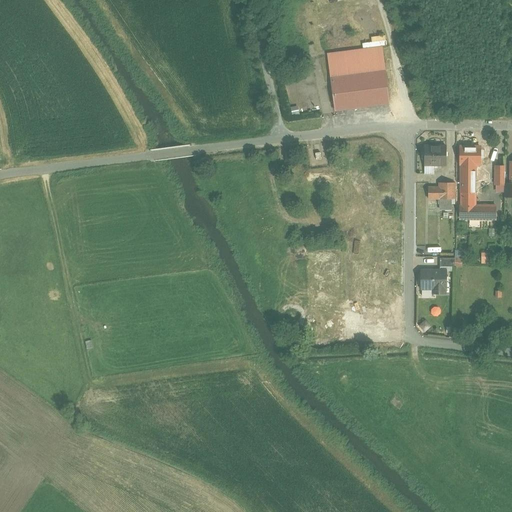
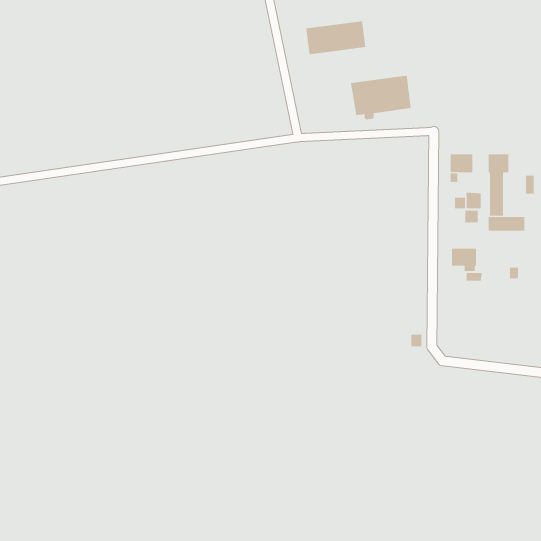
building: [327,46,384,78] -> [306,21,366,55]
building: [421,269,445,291] -> [451,248,477,272]

